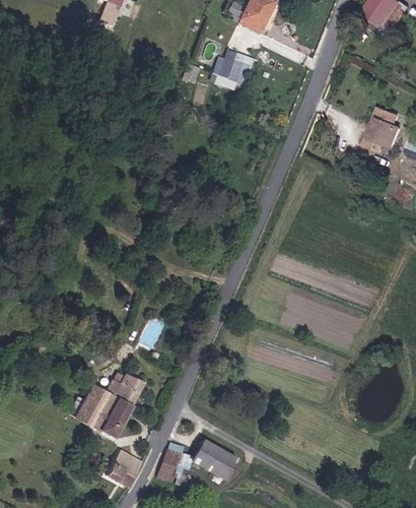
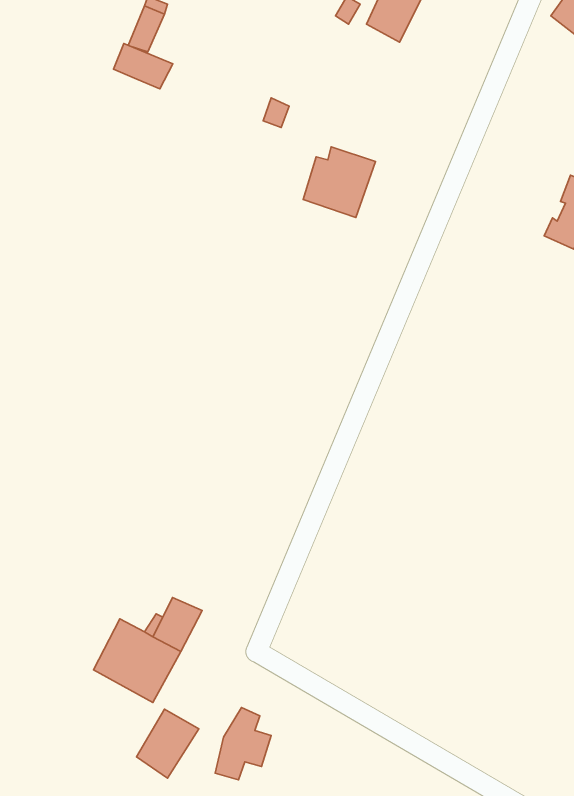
building: none -> [114,44,173,89]
building: [210,47,255,90] -> [303,147,375,217]
building: [190,440,236,480] -> none

